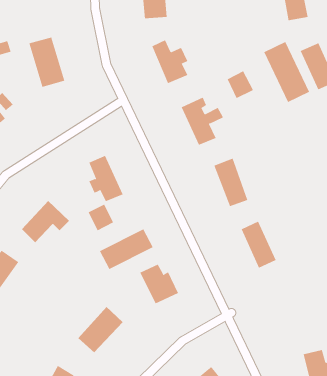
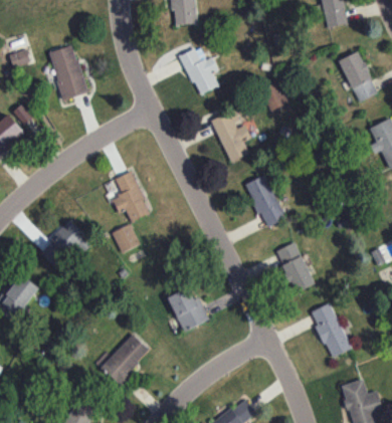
building: [263,41,310,103] -> none
building: [99,229,154,270] -> none
building: none -> [310,303,350,358]

